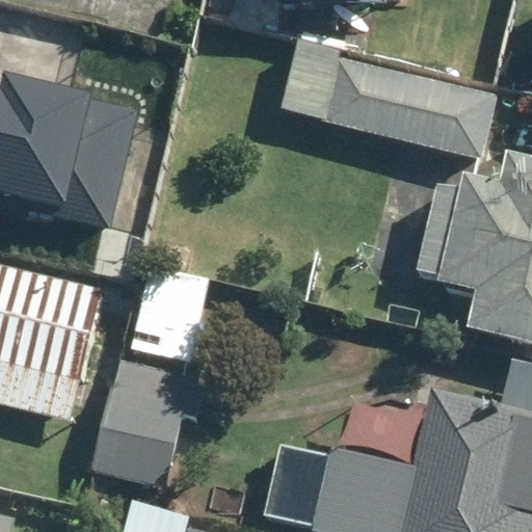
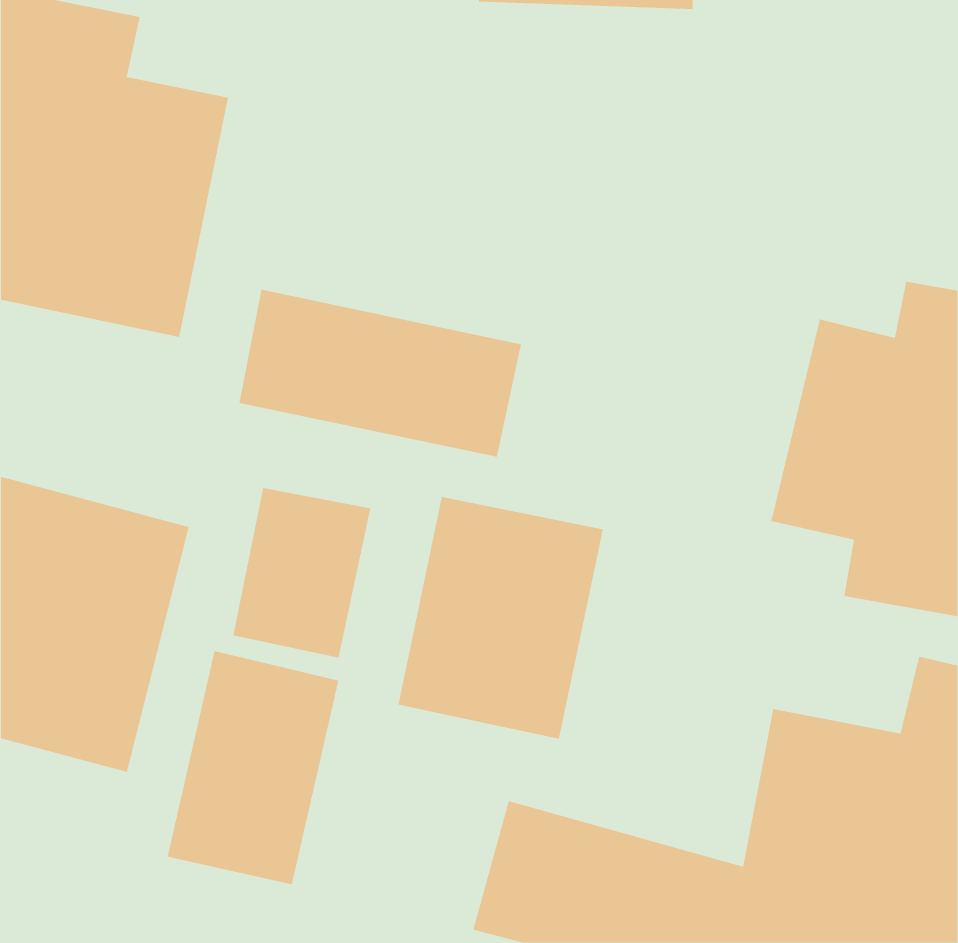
building: [325,51,495,160] -> none
building: none -> [239,289,522,457]
building: none -> [398,496,604,739]

